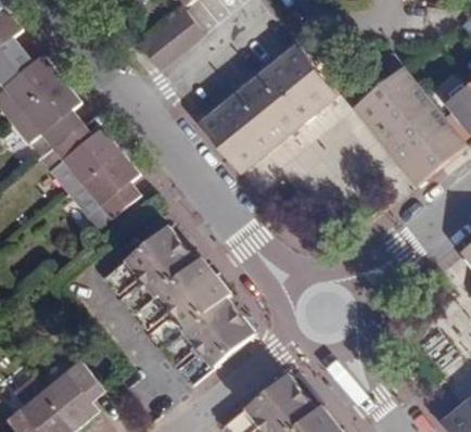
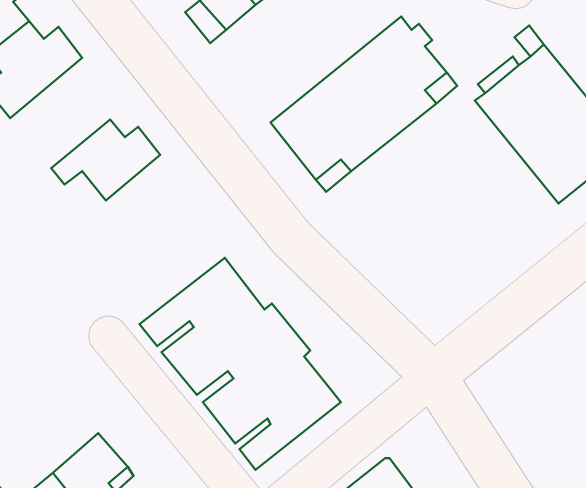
building: [10,78,84,160] -> none
building: [80,150,141,219] -> none

